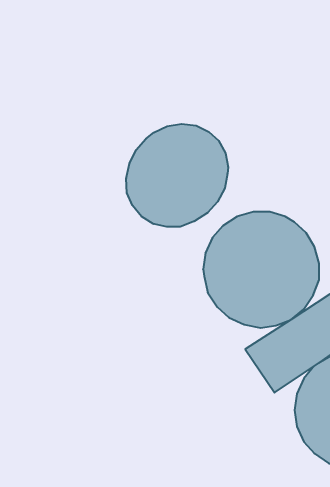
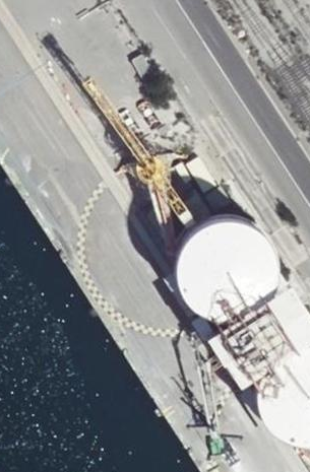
building: [126,124,228,227] -> none

